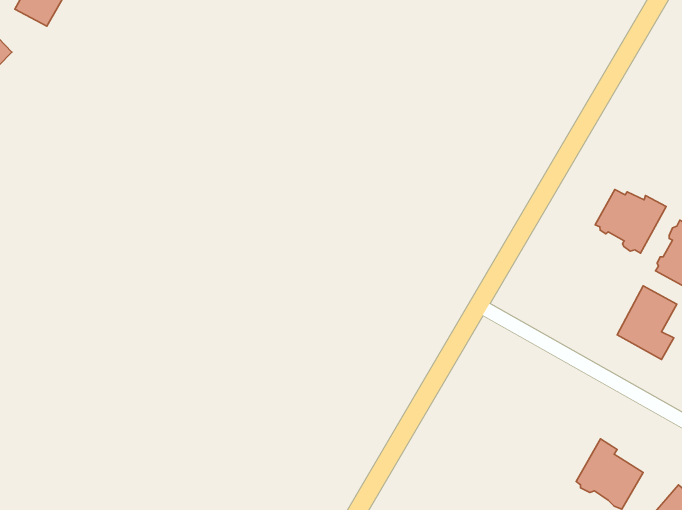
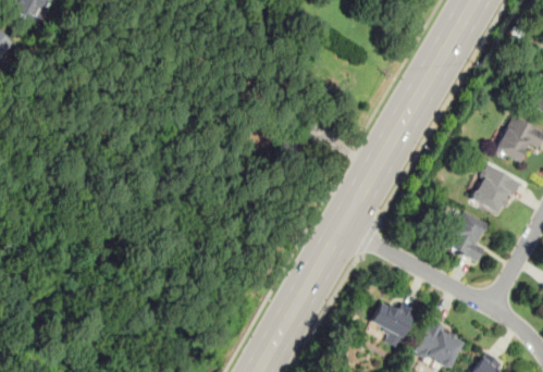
building: [595,189,666,253] -> none
building: none -> [371,303,416,348]

